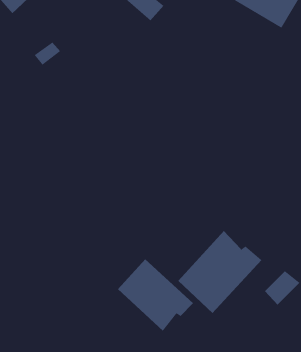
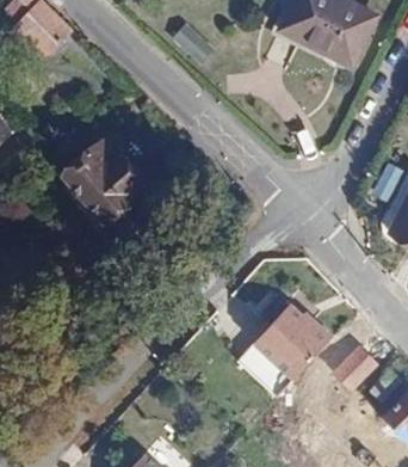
building: none -> [63,137,160,231]
building: [117,258,194,331] -> none

